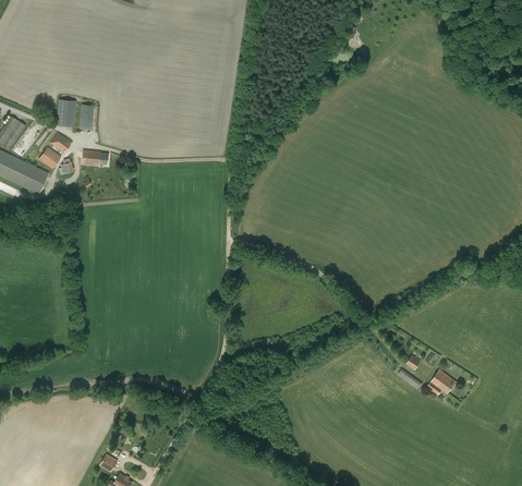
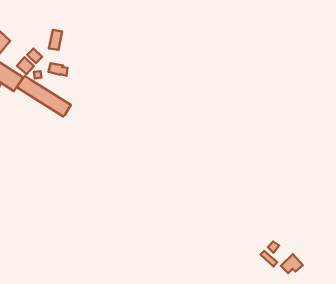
building: [56,99,78,126] -> none
building: none -> [17,76,71,117]

